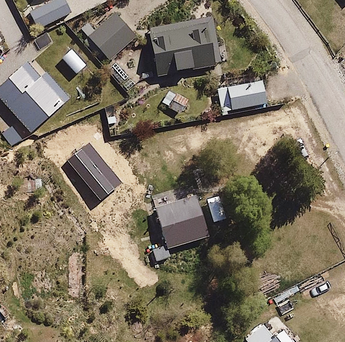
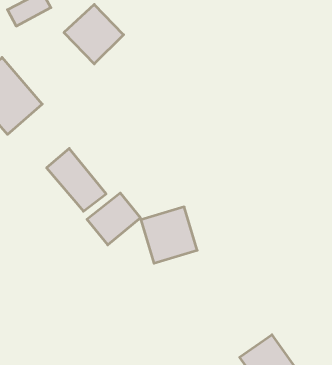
building: [150,17,221,79] -> none
building: [217,80,265,111] -> none
building: none -> [87,193,140,245]

